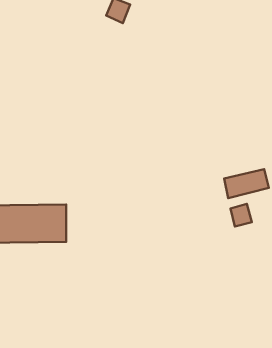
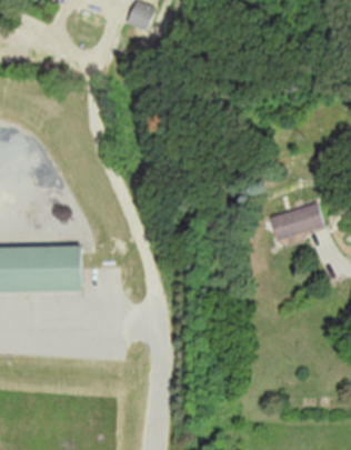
building: [231,204,252,226] -> none

